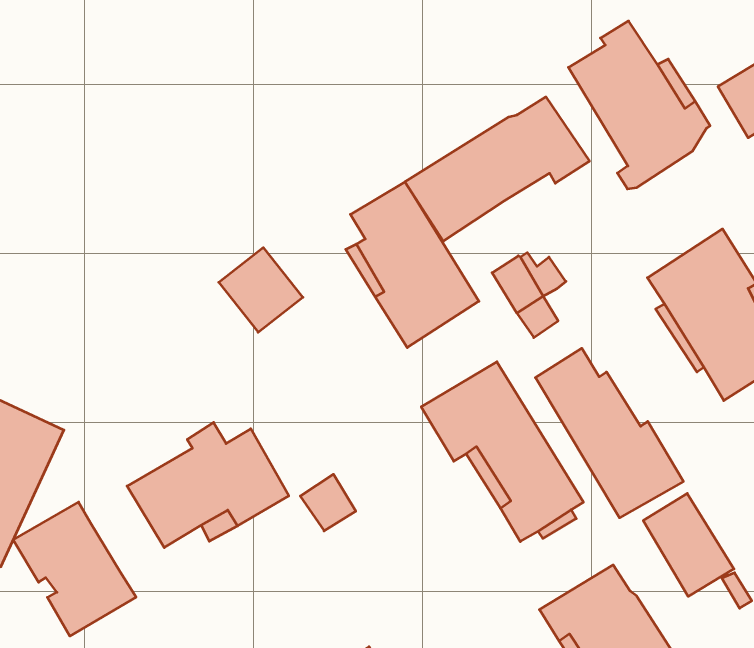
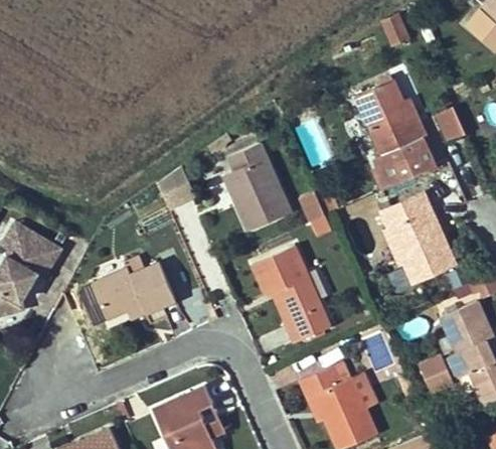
building: [405,97,589,241] -> none
building: none -> [381,138,435,184]
building: [535,348,683,518] -> none
building: [13,502,136,636] -> none

